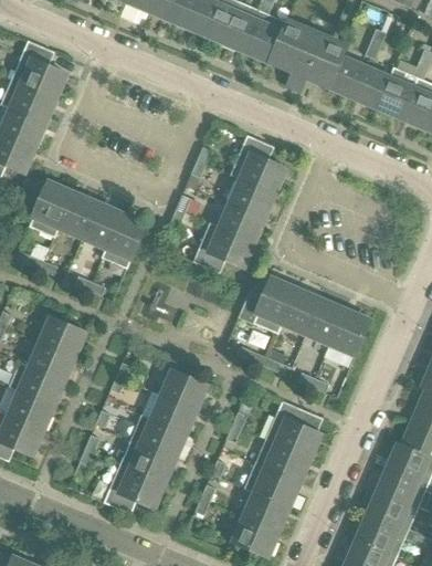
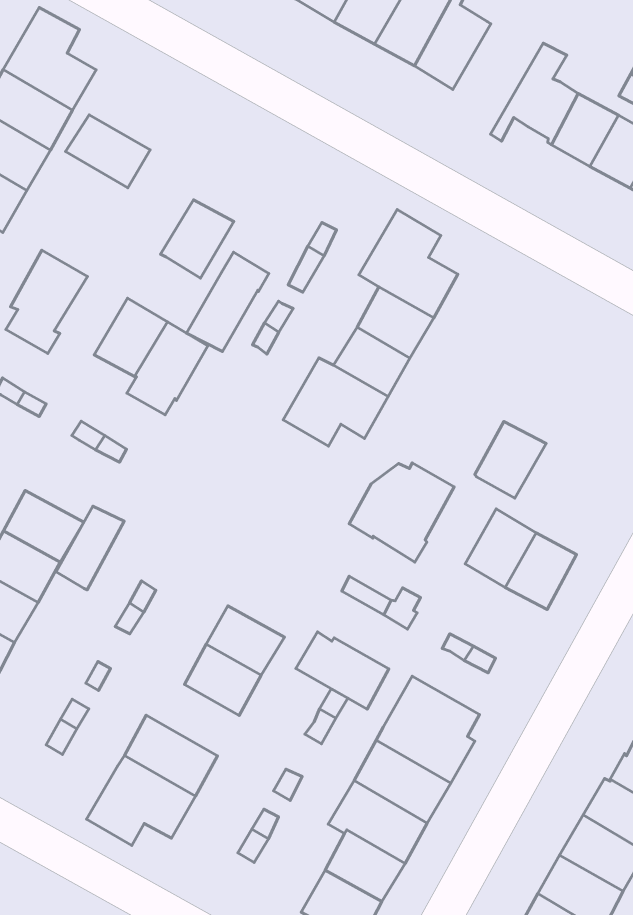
building: [270,17,318,86] -> none
building: none -> [66,115,150,188]
building: none -> [186,252,269,352]
building: [57,192,97,237] -> [160,200,234,278]
building: [282,290,320,333] -> [475,422,546,498]
building: none -> [56,506,124,590]
building: [134,417,187,458] -> [296,632,389,709]

